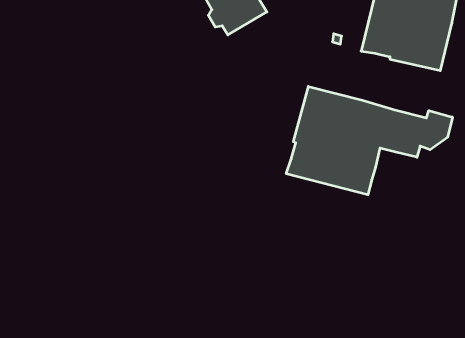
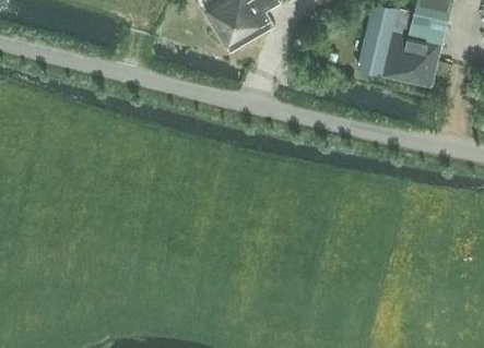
building: [286,86,452,195] -> none

